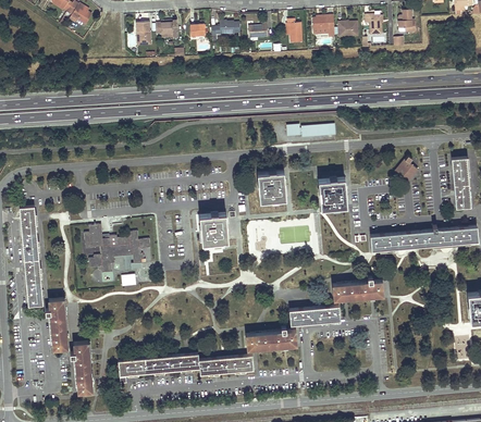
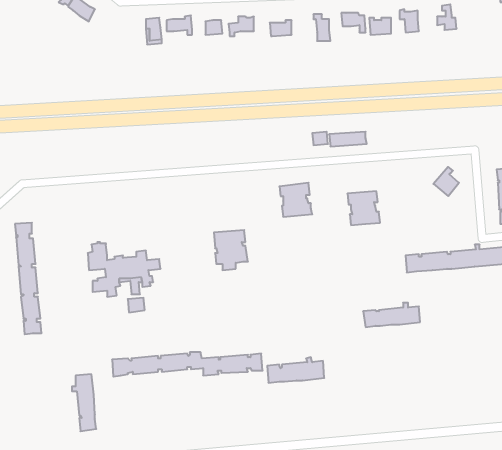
building: [46,298,67,349] -> none
building: [289,306,340,324] -> none
building: [119,353,254,375] -> [112,352,263,377]

